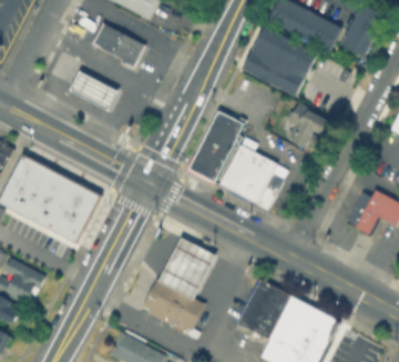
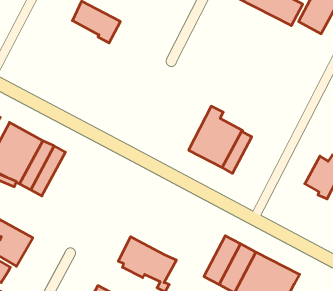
building: [243,34,311,95] -> none
building: [68,70,117,111] -> none
building: [291,109,330,148] -> none
building: [185,110,243,183] -> none
building: [59,187,100,242] -> none
building: [157,237,215,299] -> none

